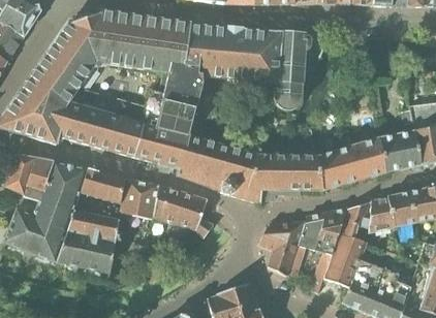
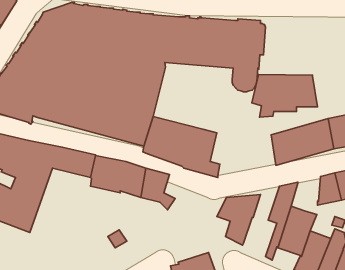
building: [251,153,322,199] -> [252,74,317,117]
building: [339,200,371,237] -> none
building: [57,210,122,273] -> none
building: [287,211,326,277] -> none

